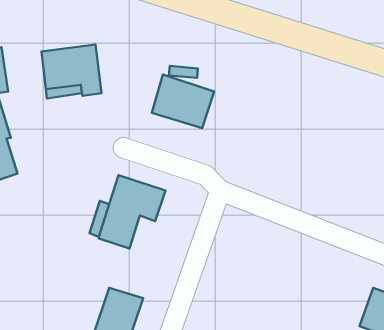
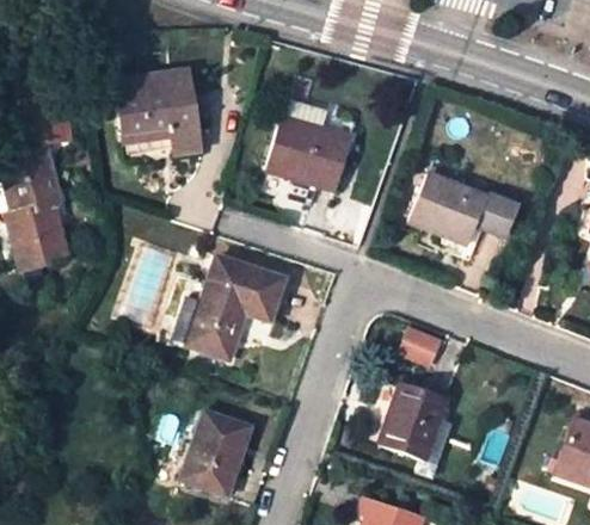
building: none -> [410,173,517,245]
building: none -> [401,328,447,372]
building: none -> [373,382,445,463]

